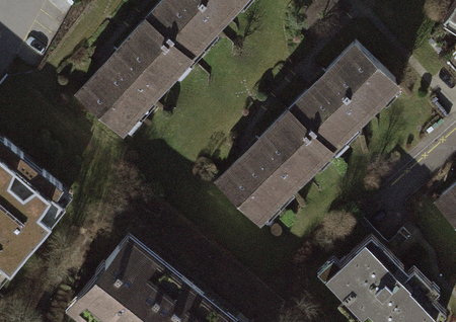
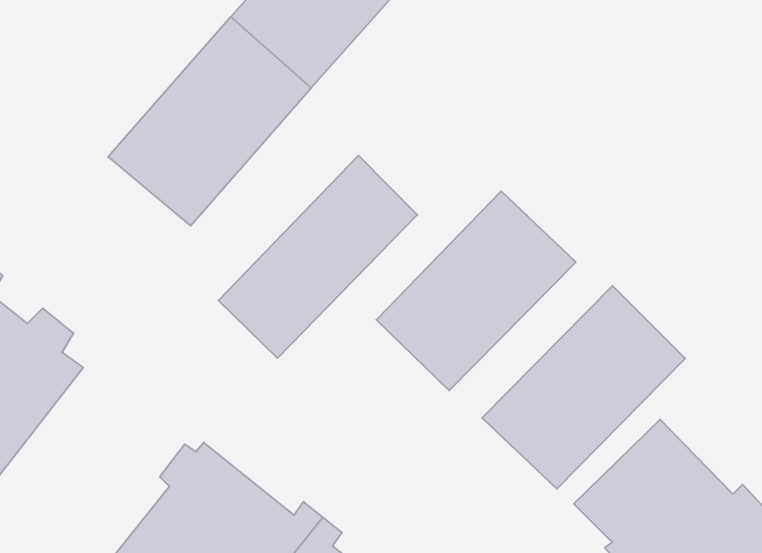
building: [286,45,393,152] -> [482,286,685,489]
building: none -> [218,156,417,358]

